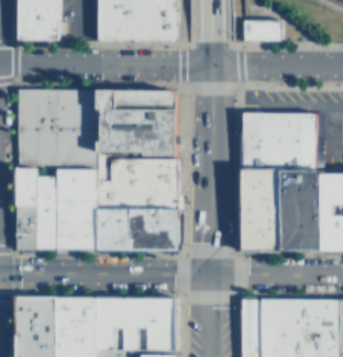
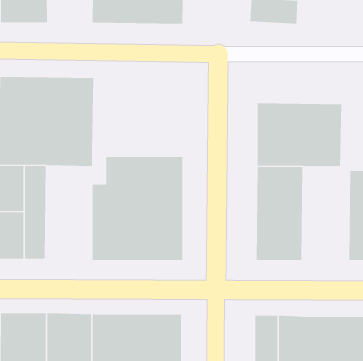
building: [98,89,177,153] -> none
building: [56,166,98,249] -> none
building: [281,167,323,249] -> none

